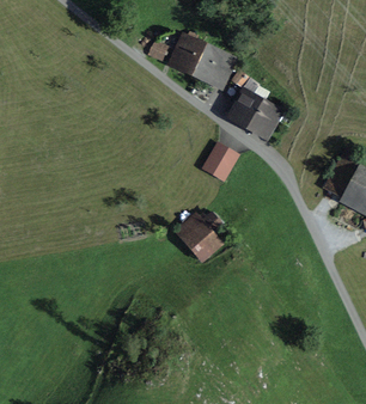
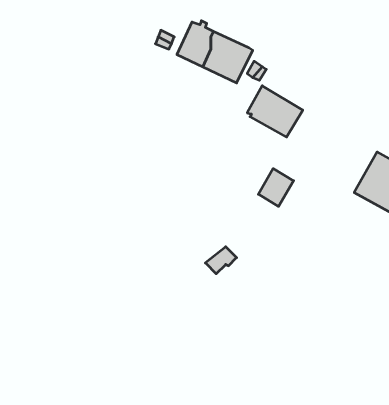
building: [205,146,236,179] -> [258,169,294,206]
building: [178,216,220,249] -> none

